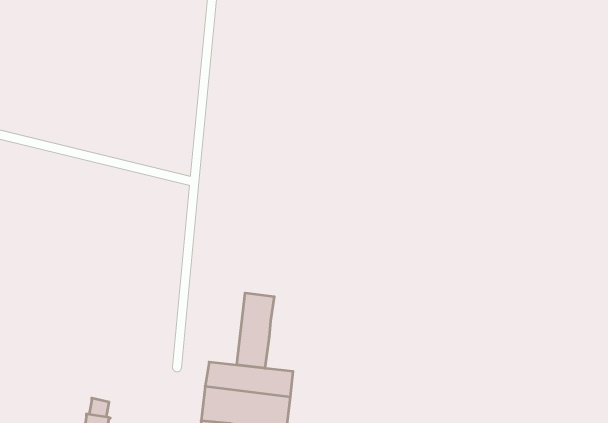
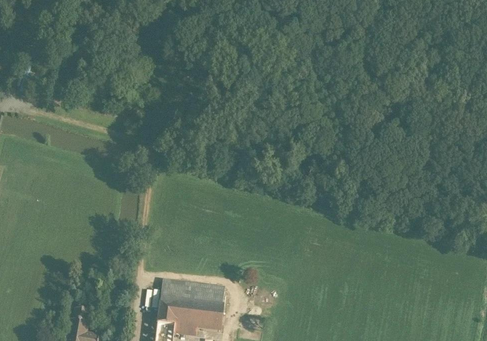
building: [237,293,274,368] -> none

